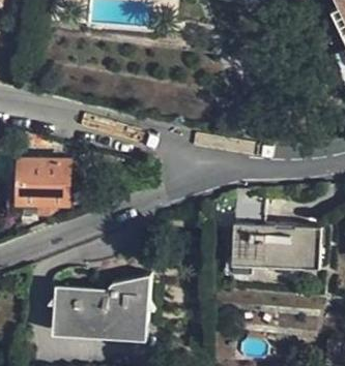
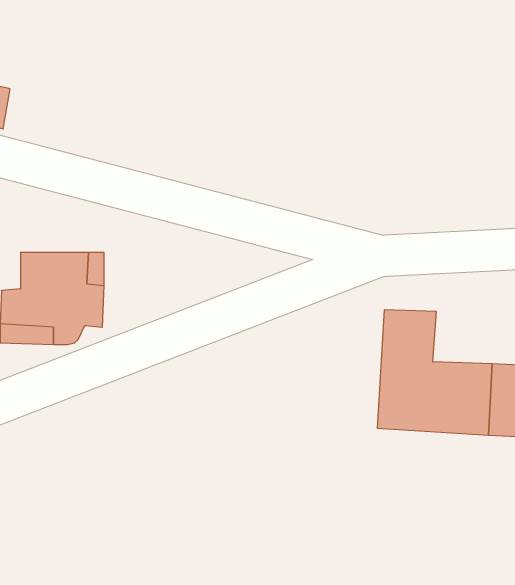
building: [53,277,149,337] -> none

